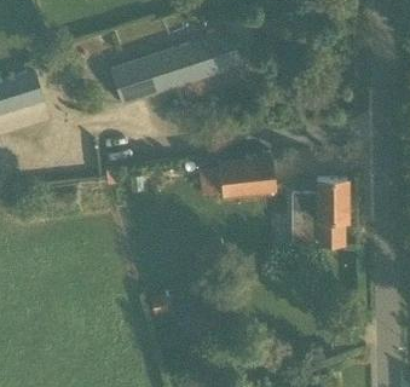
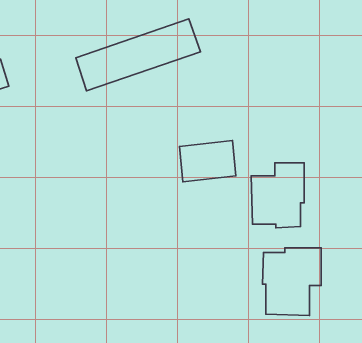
building: none -> [263,248,321,316]

